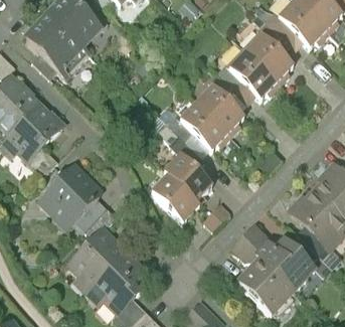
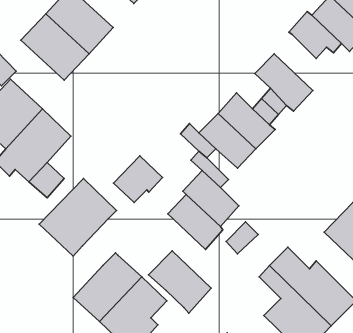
building: [242,34,293,84] -> none
building: [73,196,117,237] -> [114,156,163,203]
building: none -> [148,251,211,313]

